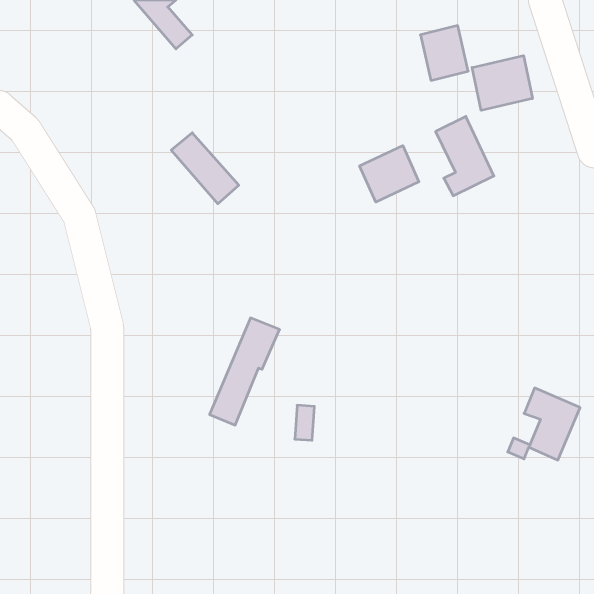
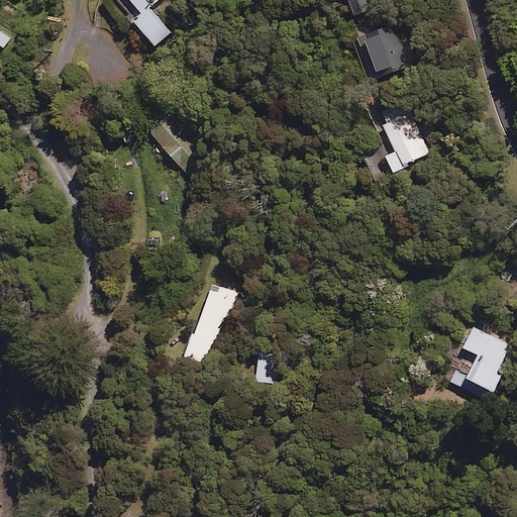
building: [472,56,532,110] -> none
building: [360,146,419,202] -> none

